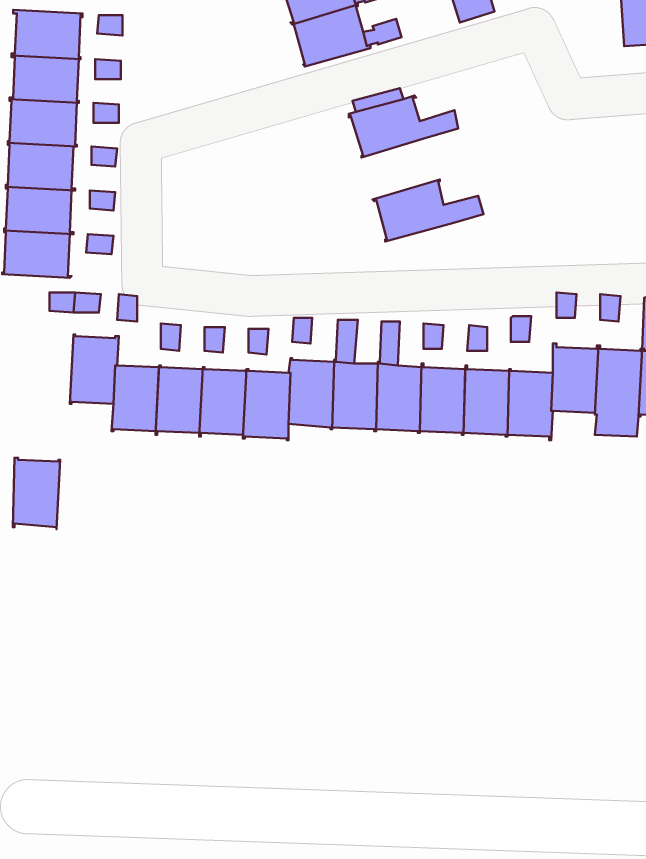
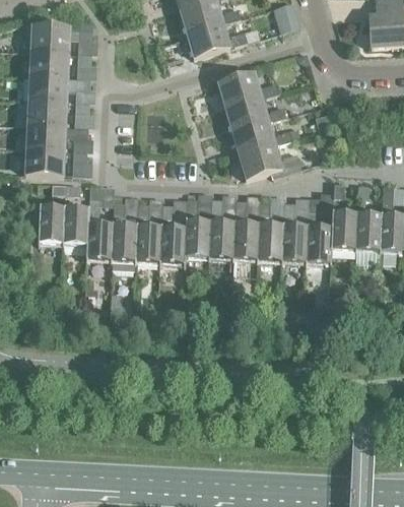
building: none -> [225,96,286,130]
building: none -> [239,143,301,178]
building: [13,458,60,529] -> [39,204,65,244]

